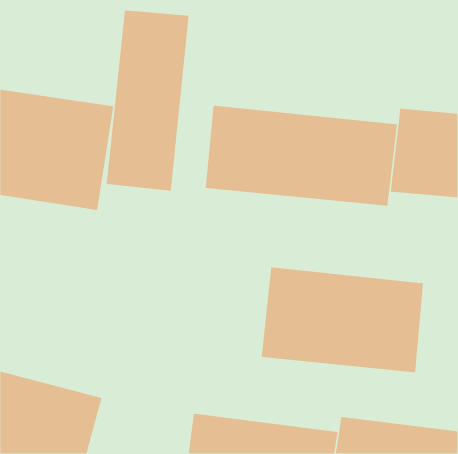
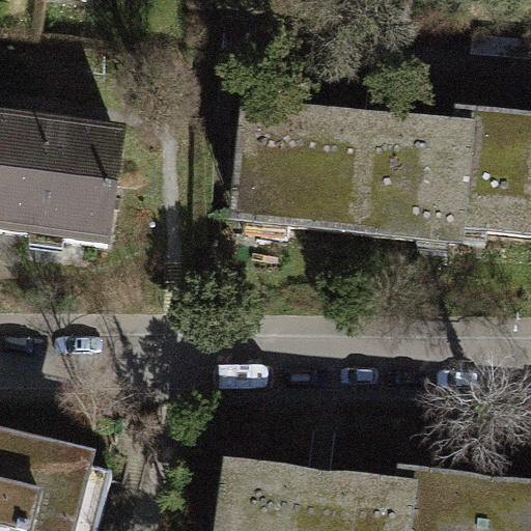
building: [106,10,190,191] -> none
building: [261,266,424,373] -> none

